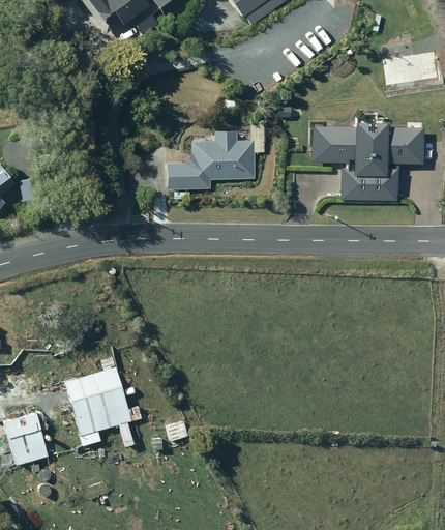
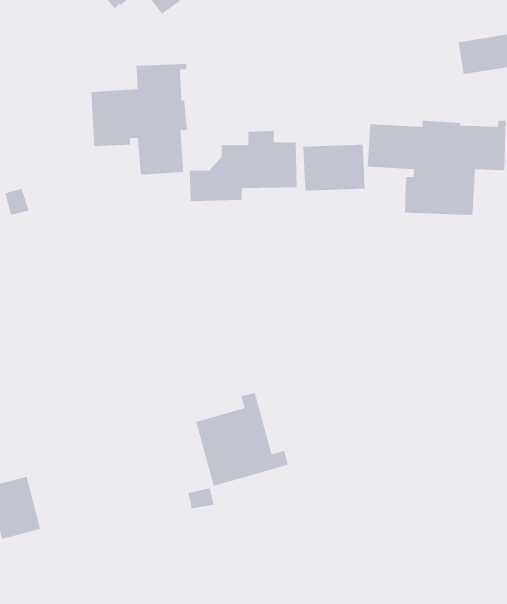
building: none -> [90,63,188,176]
building: none -> [303,144,365,192]
building: [65,357,141,434] -> [195,392,289,487]

